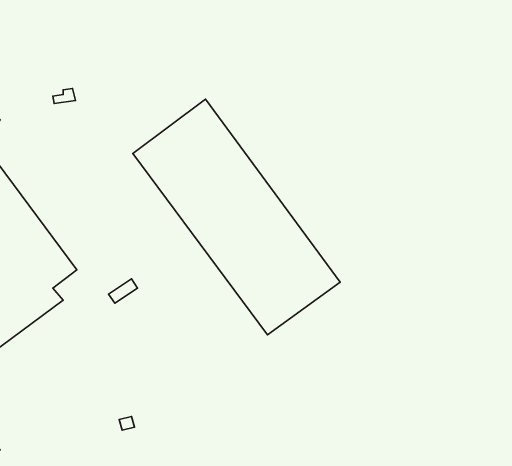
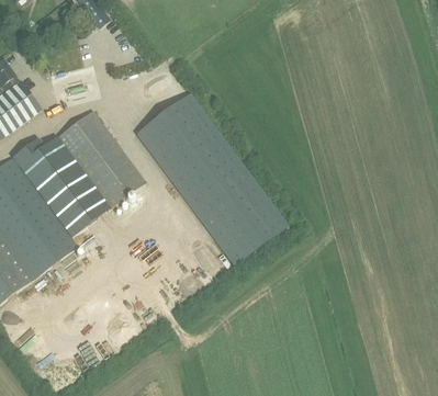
building: none -> [56,109,144,206]

